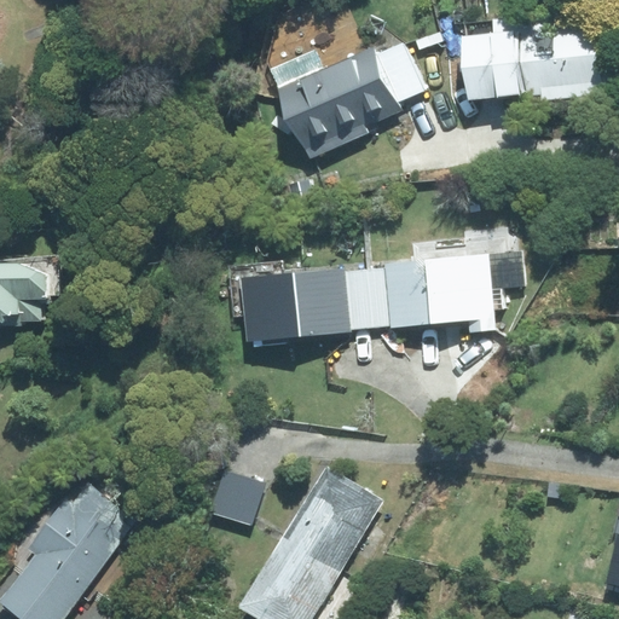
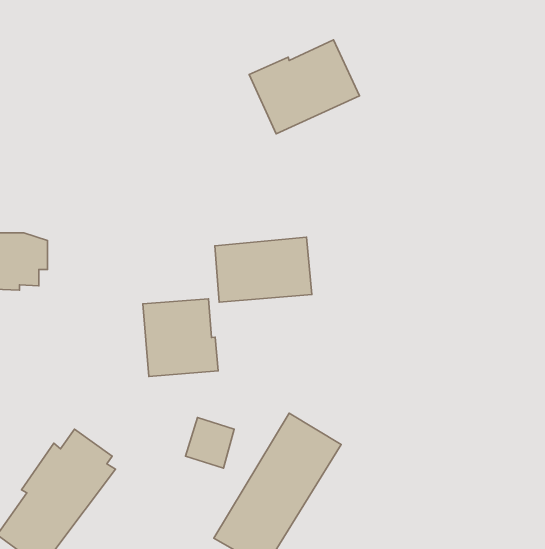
building: [465,13,601,100] -> none
building: [383,253,503,331] -> none
building: none -> [143,299,218,377]

